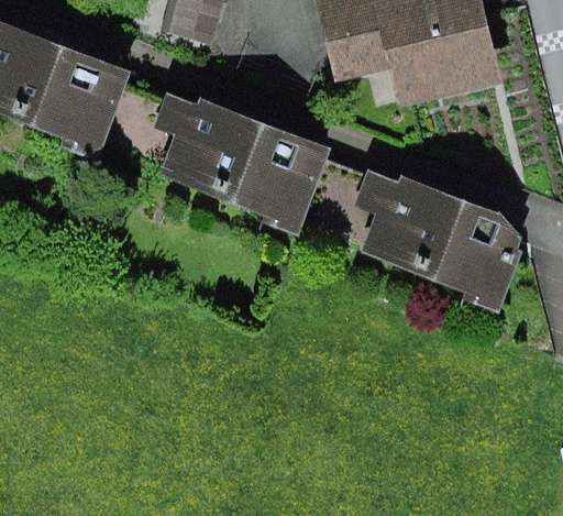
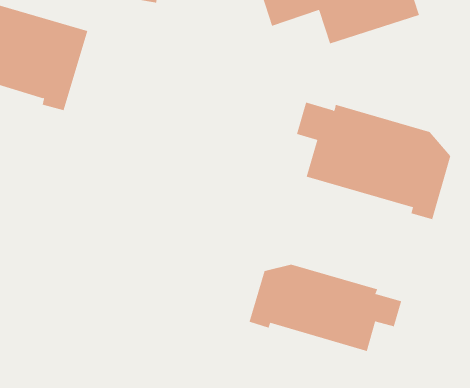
building: [153,92,331,235] -> none
building: none -> [249,264,402,352]

